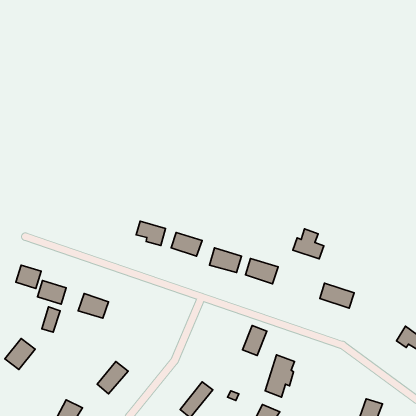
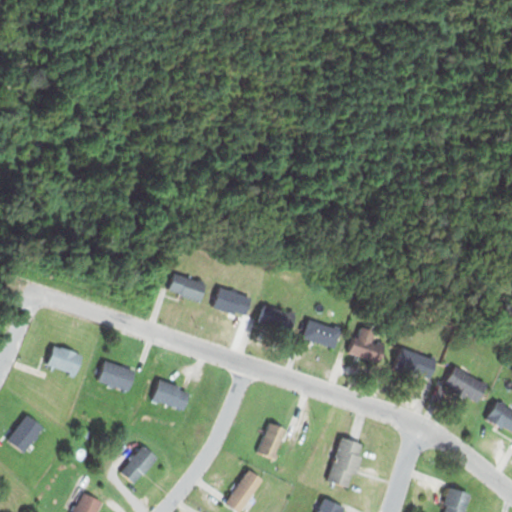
building: [293,229,324,259] -> [347,325,385,362]
building: [16,265,41,288] -> none
building: none -> [447,368,486,401]
building: [42,307,60,332] -> none
building: none -> [152,381,191,410]
building: [243,325,267,356] -> [256,422,286,459]

